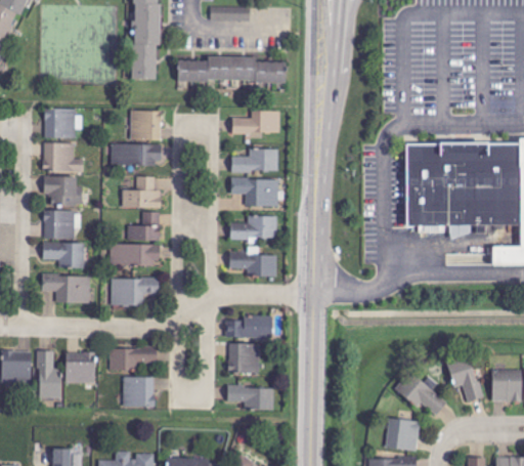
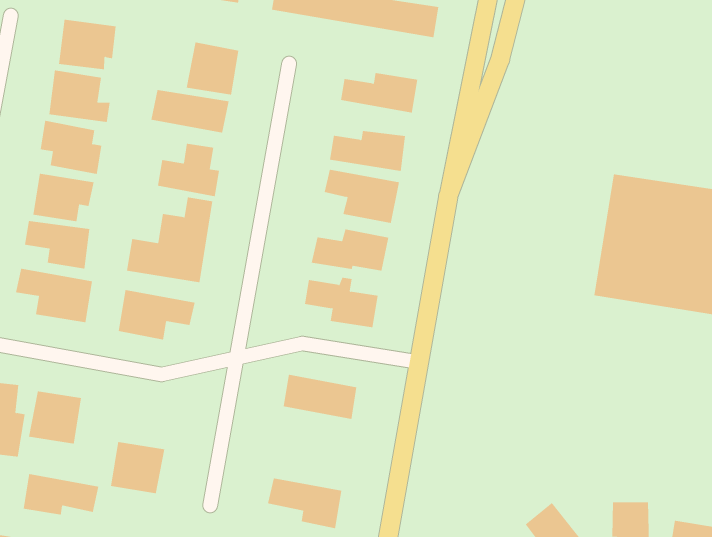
building: [228,343,259,373] -> none
building: [110,347,157,371] -> [23,474,99,515]

